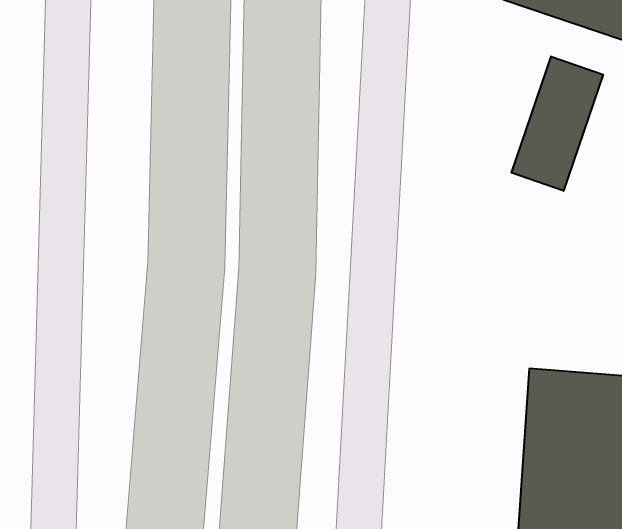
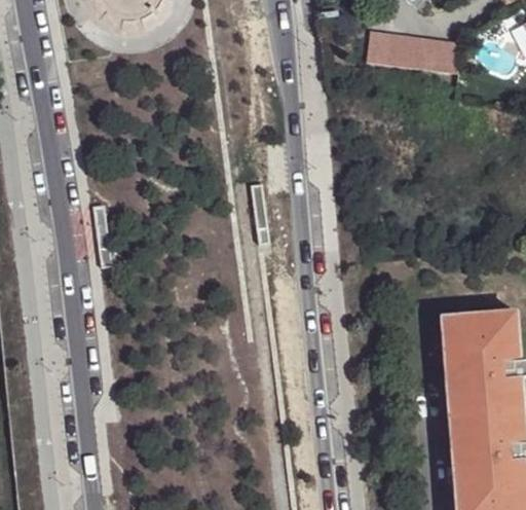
building: [511,56,603,191] -> none

